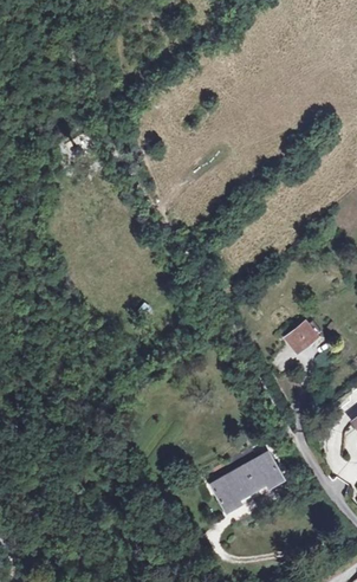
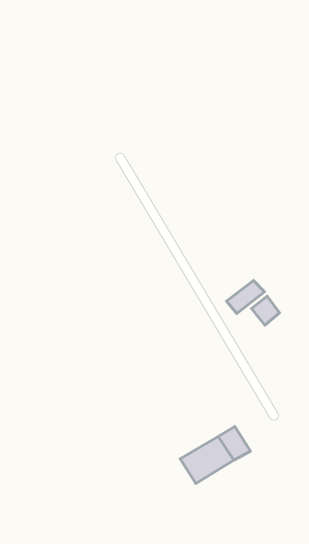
building: none -> [226,281,265,314]

